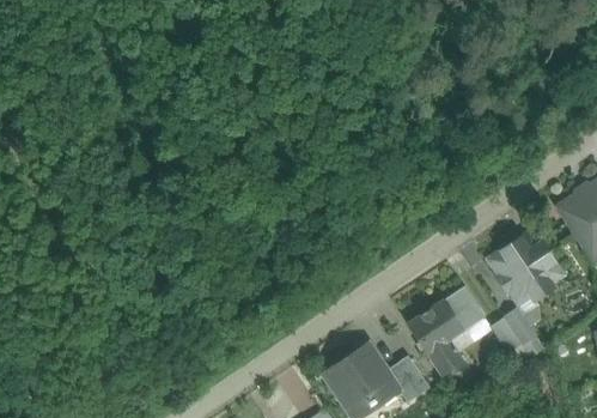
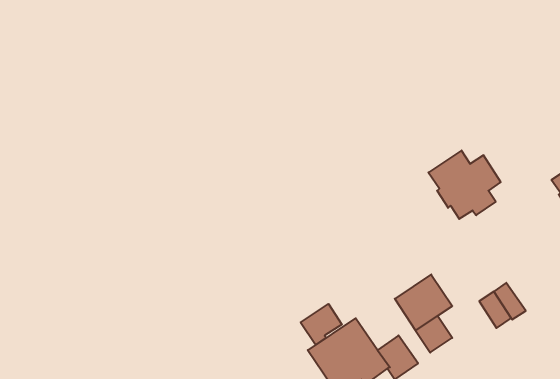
building: [487,237,558,304] -> [428,150,501,219]
building: [443,286,485,331] -> none
building: none -> [301,304,342,345]

